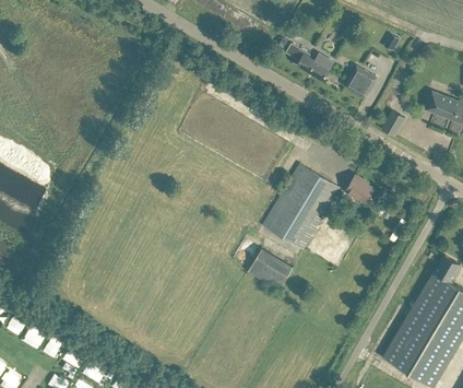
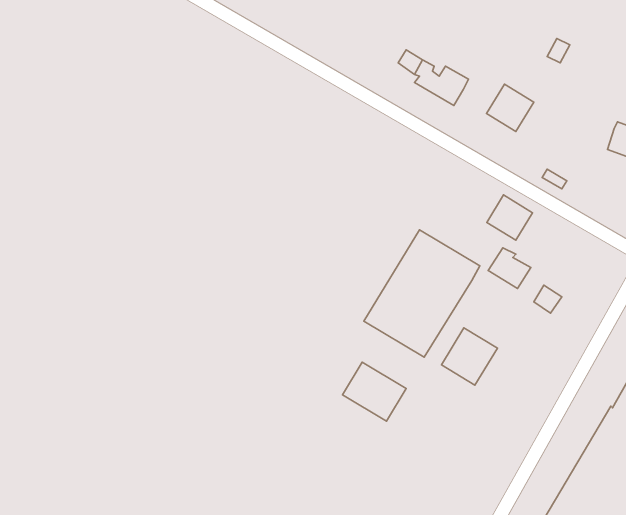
building: none -> [487,195,533,240]
building: none -> [442,328,497,385]

